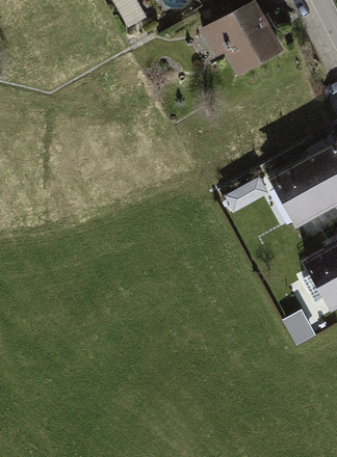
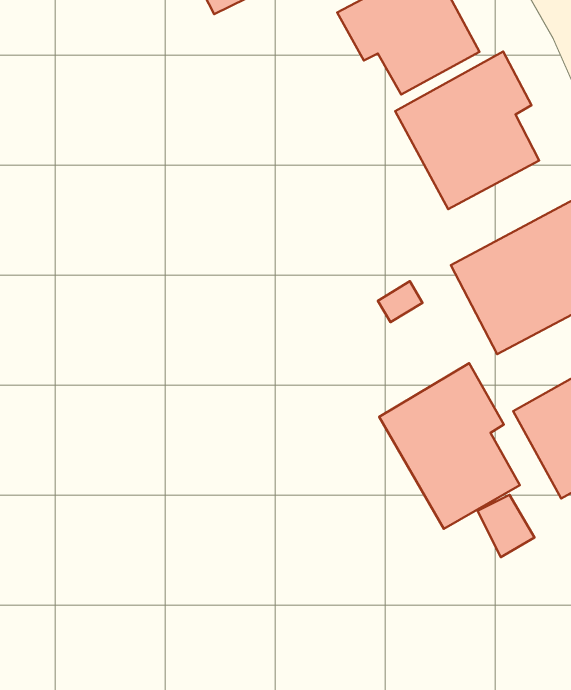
building: none -> [395,51,539,209]
building: none -> [379,363,520,529]

